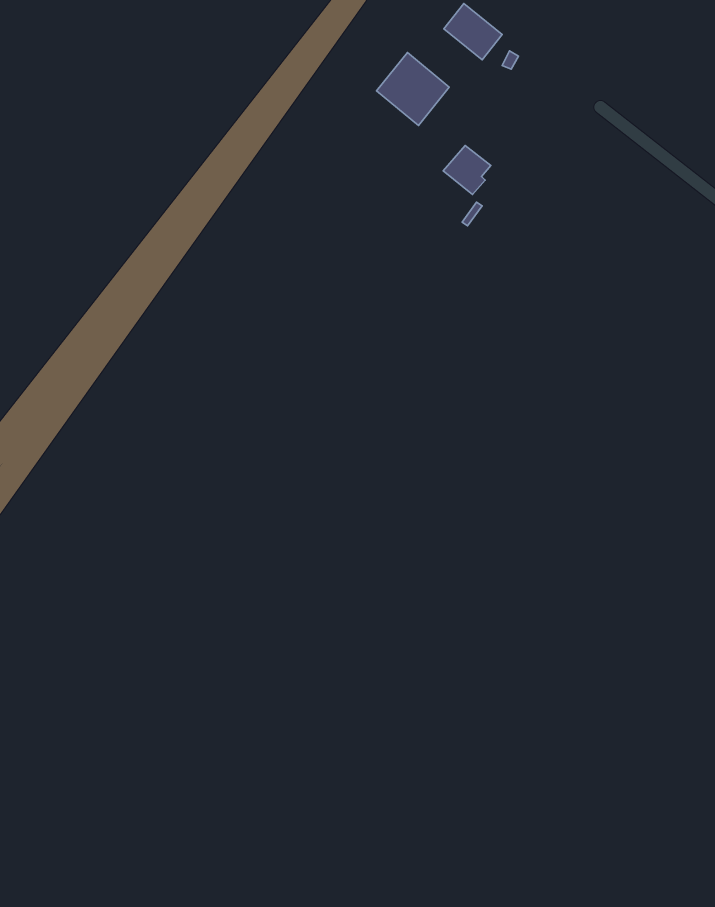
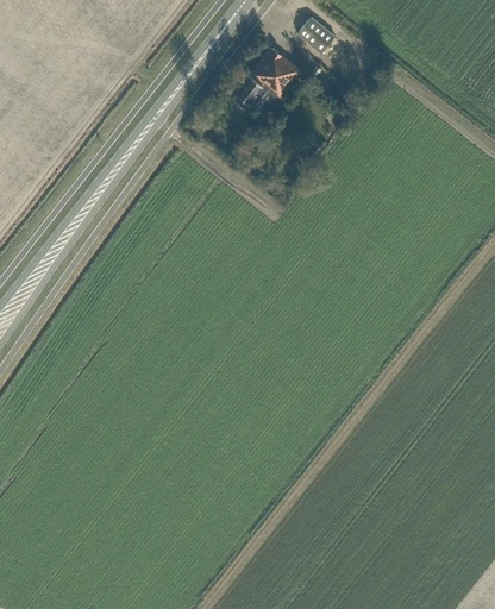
building: [443,145,491,195] -> [236,77,267,109]

